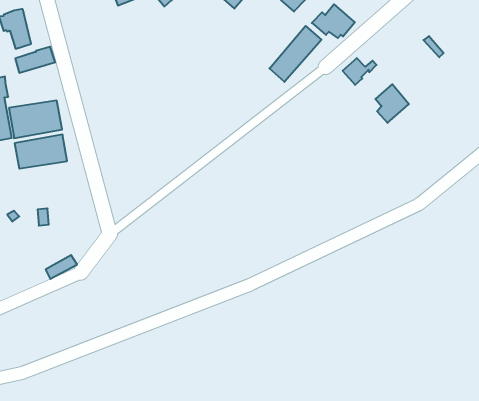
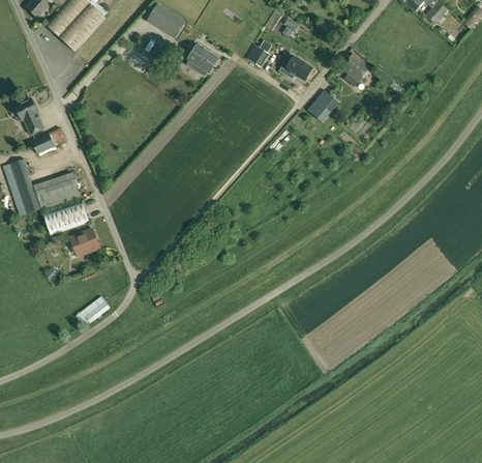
building: [269,26,321,82] -> none
building: [375,84,409,123] -> [340,53,369,86]
building: none -> [69,229,99,256]

